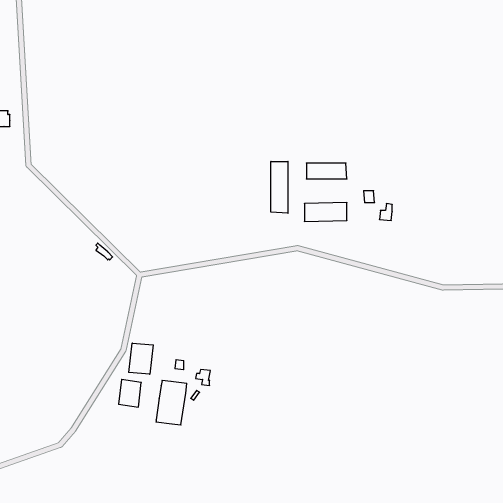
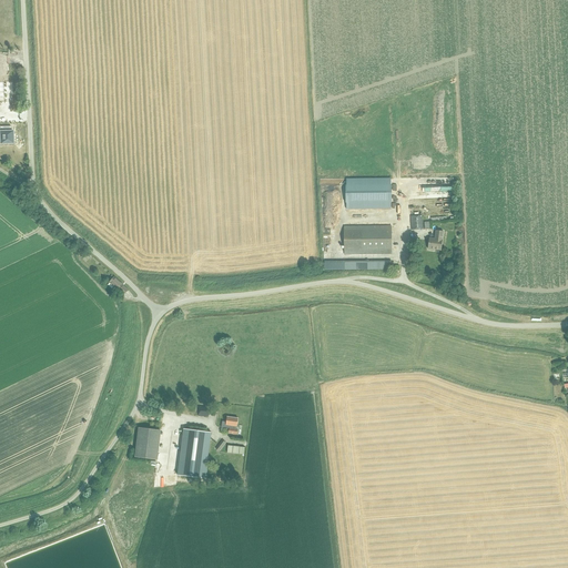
building: [271,161,288,213] -> none
building: [129,343,153,374] -> none

